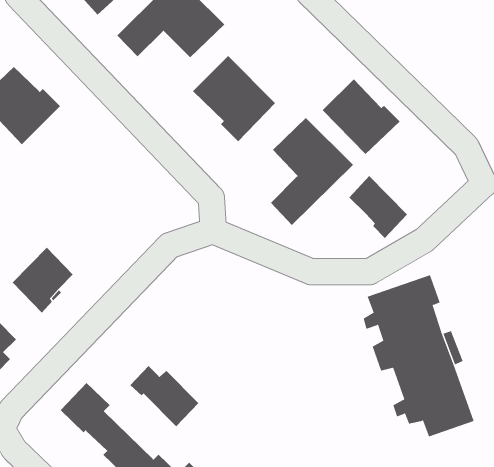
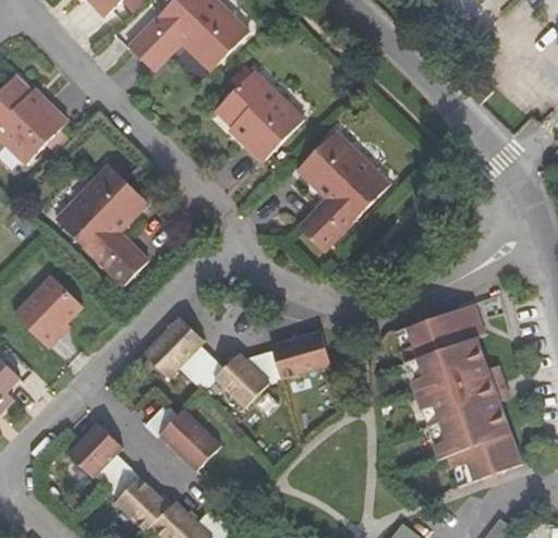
building: [322,79,400,155] -> none
building: none -> [56,164,147,283]
building: [349,175,408,239] -> none
building: none -> [142,316,330,409]

